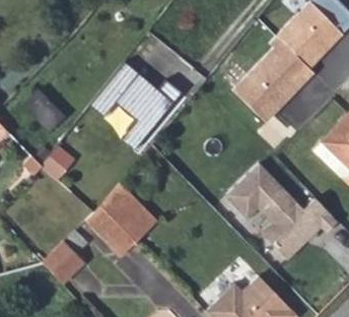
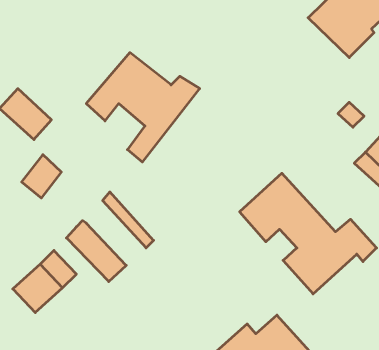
building: [231,35,313,118] -> none
building: [93,184,145,237] -> none

